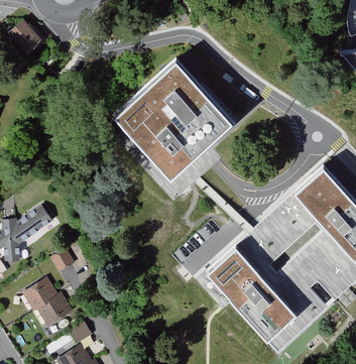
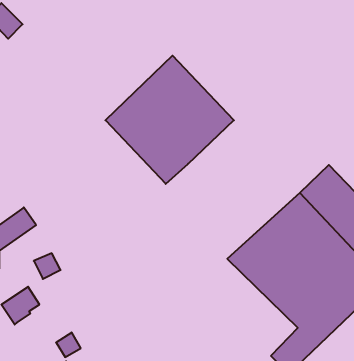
building: [201,251,288,339] -> none
building: [35,290,71,326] -> none

